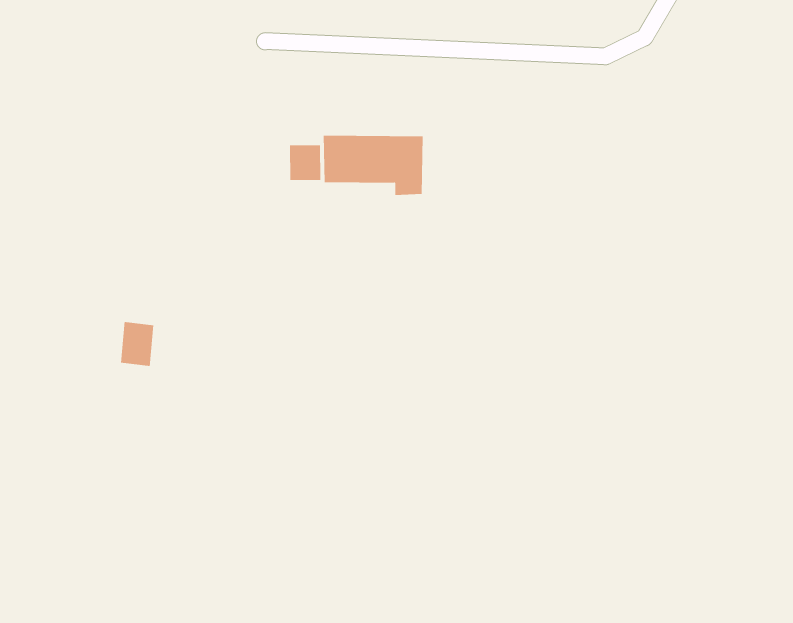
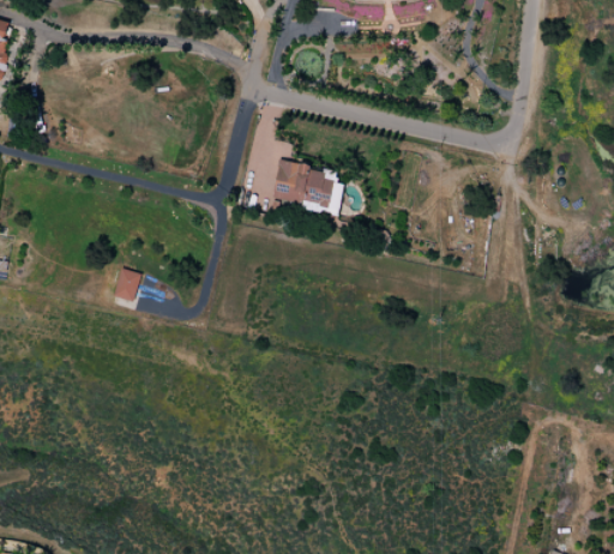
building: [289,144,321,181] -> none

